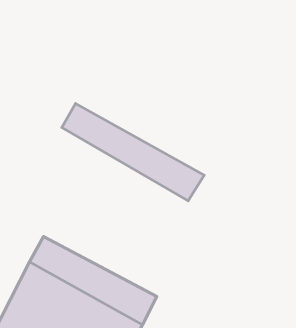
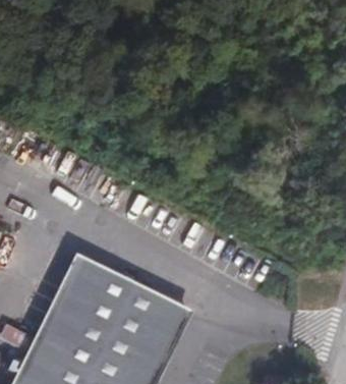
building: [62,103,204,201] -> none

